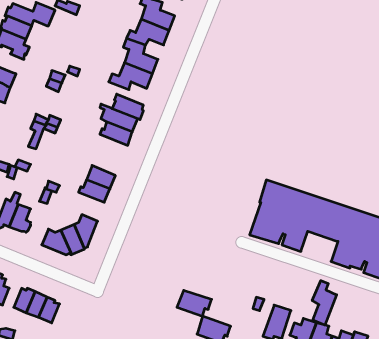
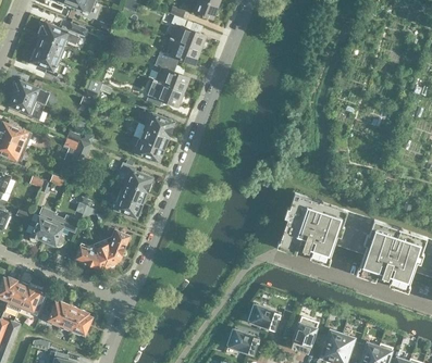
building: none -> [119,162,150,190]
building: [312,281,337,325] -> none
building: [177,290,212,316] -> [246,303,280,328]

